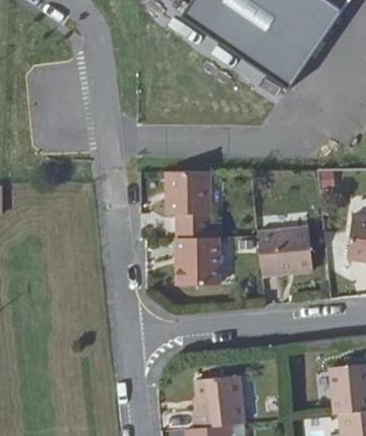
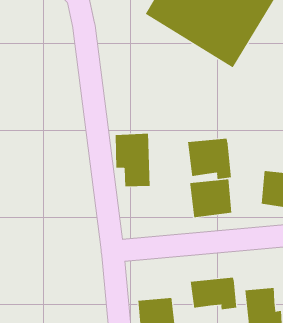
building: none -> [188,138,231,180]
building: [164,237,207,286] -> none
building: none -> [190,277,237,310]

